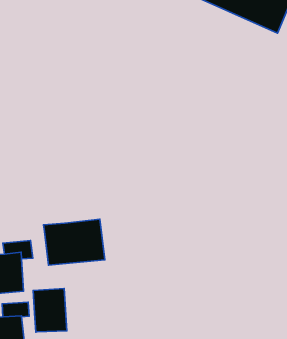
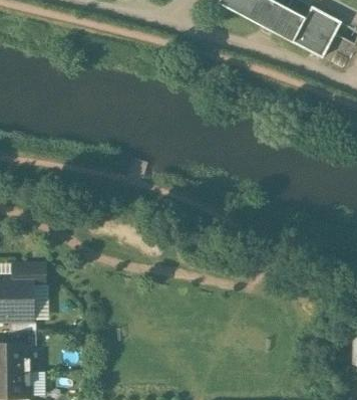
building: [44,219,105,265] -> none
building: [33,288,67,332] -> none

